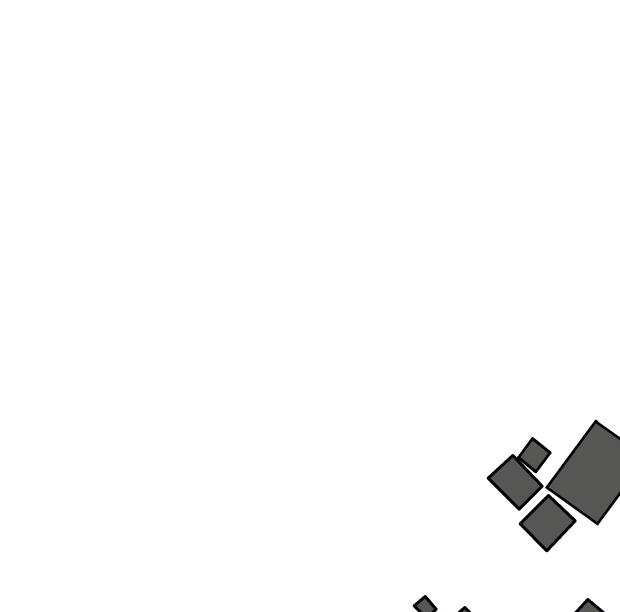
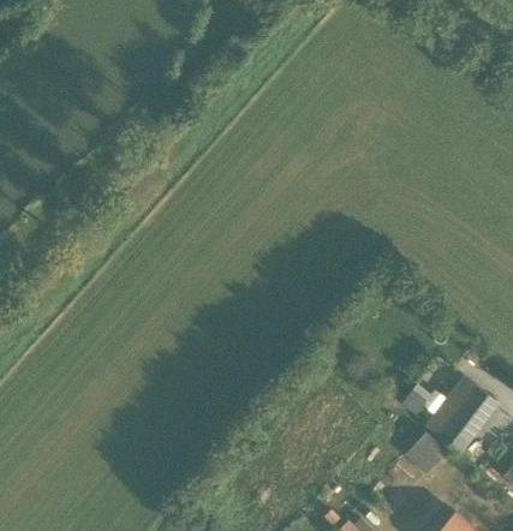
building: [488,456,542,509] -> none

